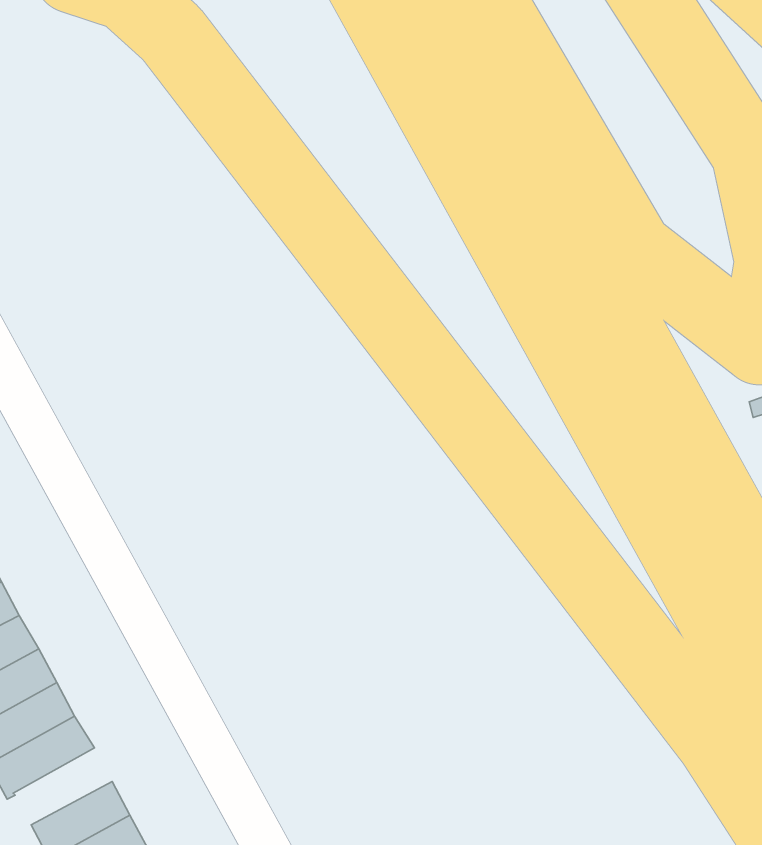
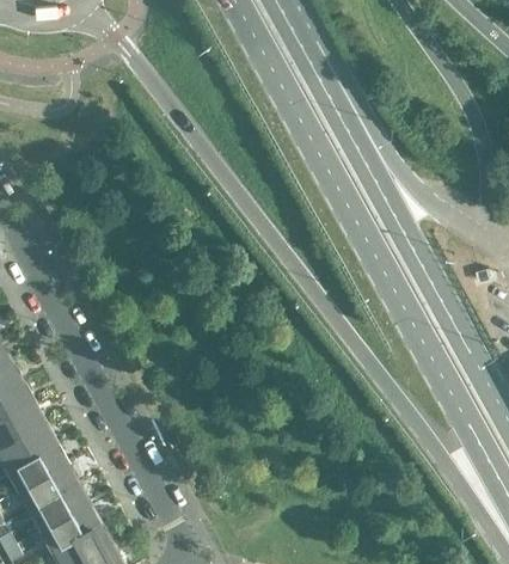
building: none -> [31,483,91,529]

